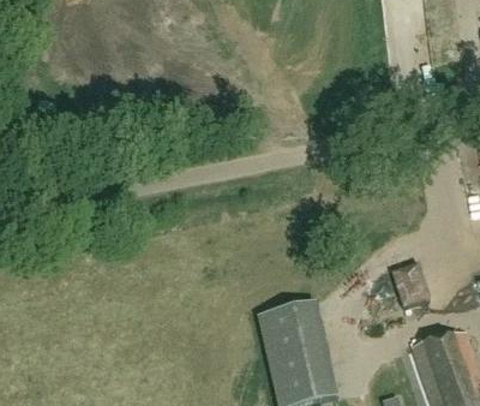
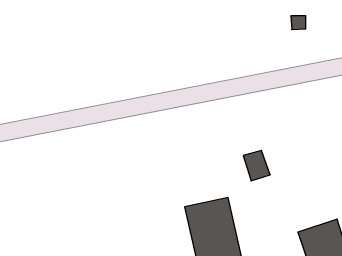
building: [392,265,430,308] -> [243,150,270,181]

